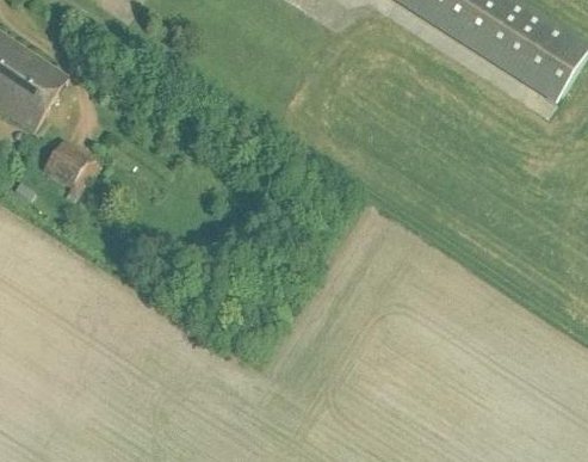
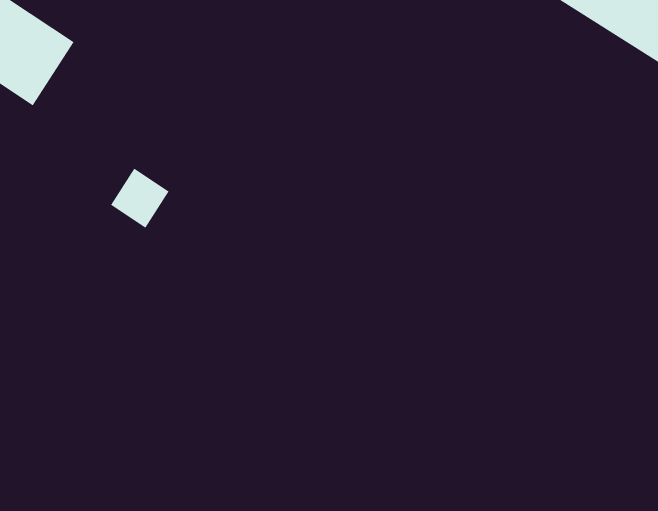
building: [43,135,91,184] -> [110,168,169,229]

